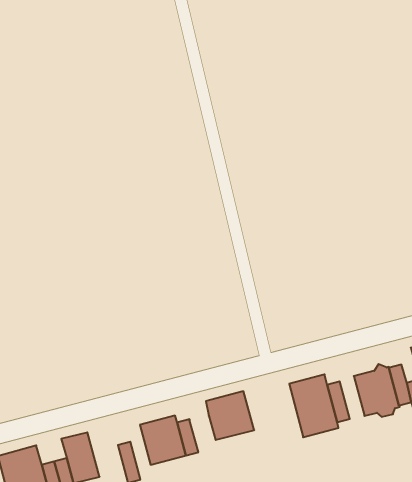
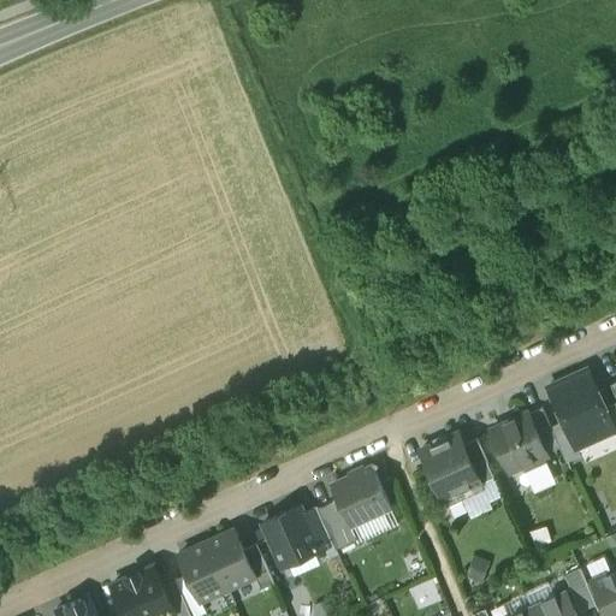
building: none -> [316,502,355,550]
building: none -> [206,531,254,590]

